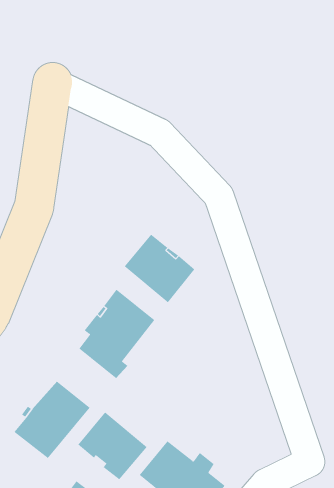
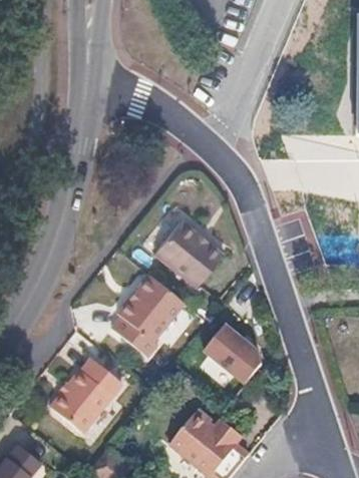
building: none -> [203,323,269,386]
building: [78,412,148,480] -> none

